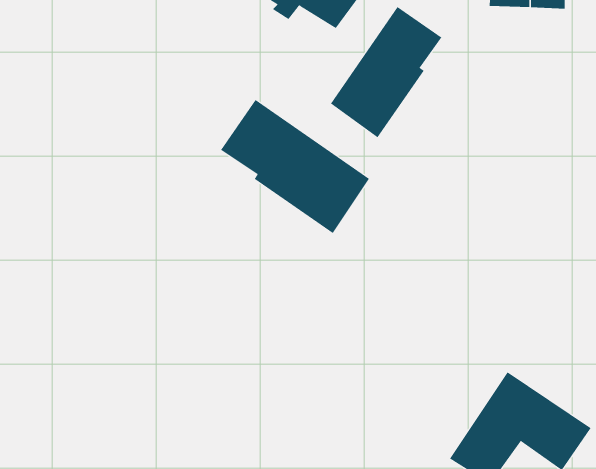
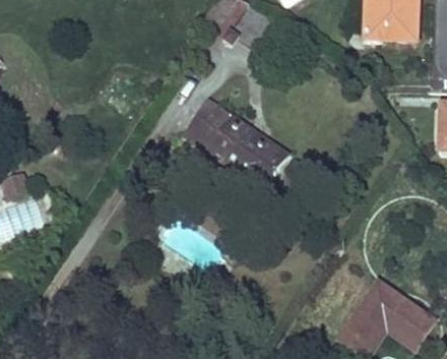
building: [330,6,442,138] -> none

